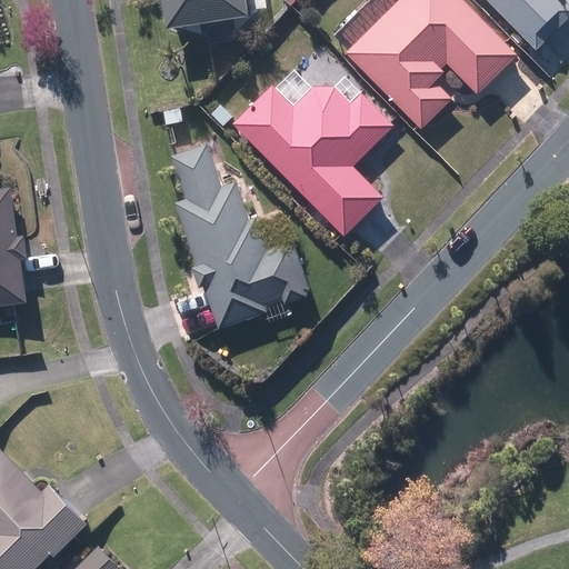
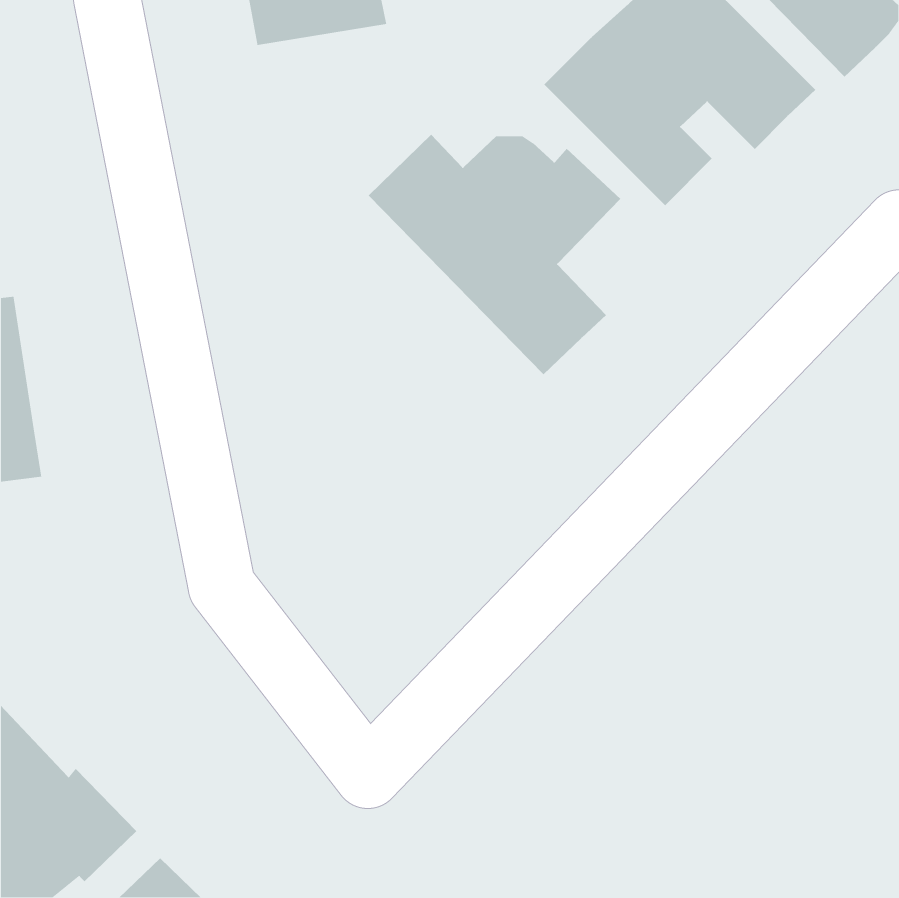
building: [169,142,309,326] -> none

